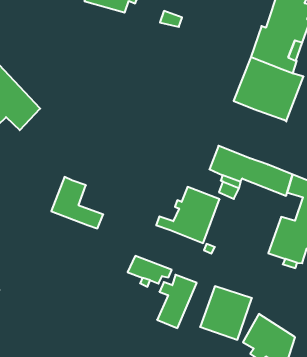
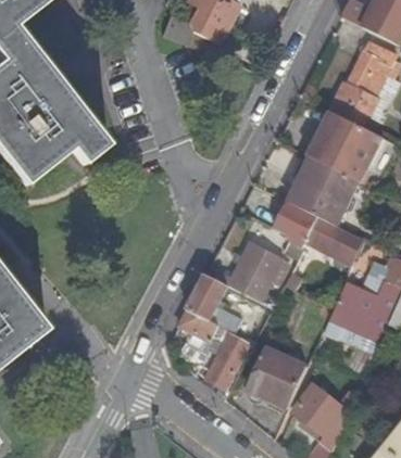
building: none -> [287,158,359,225]
building: [51,177,103,228] -> [188,272,242,330]

